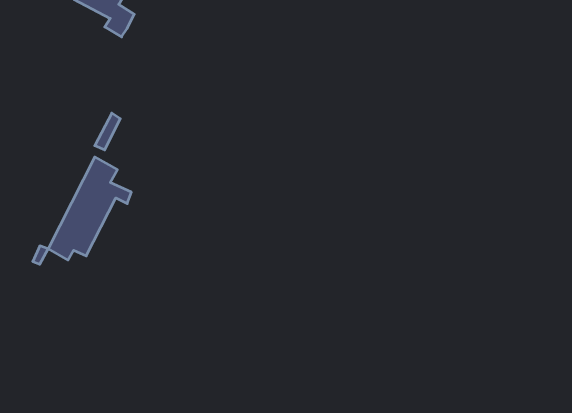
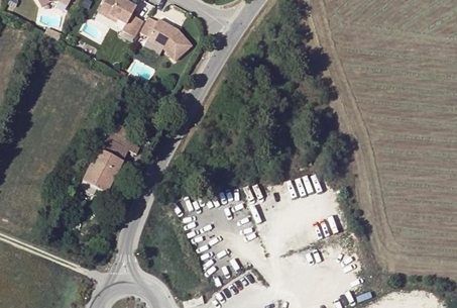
building: none -> [139,17,192,60]

